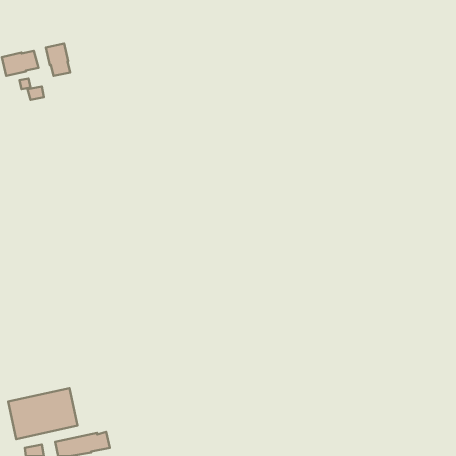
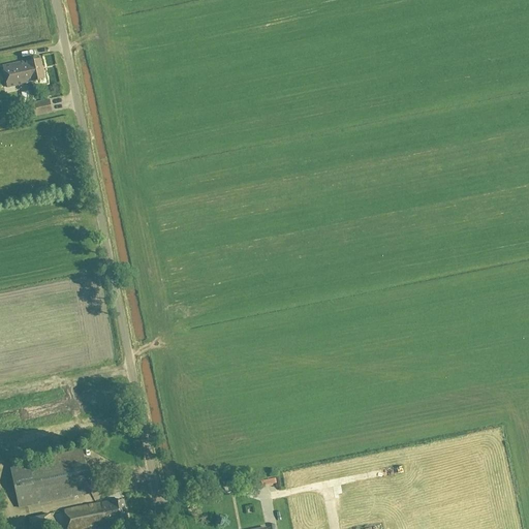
building: [46,44,70,76] -> none

